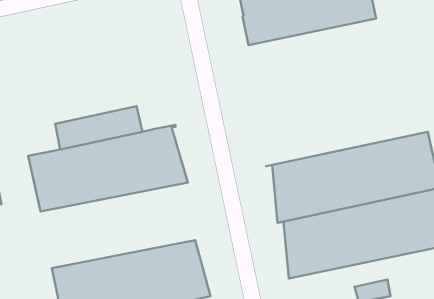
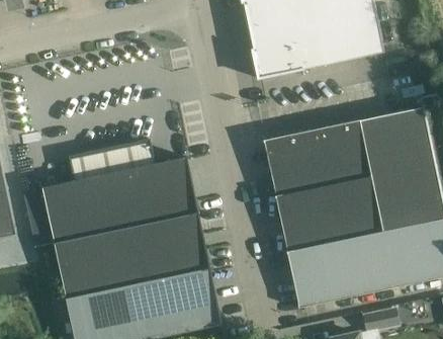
building: none -> [263,107,434,197]
building: none -> [54,215,209,298]

